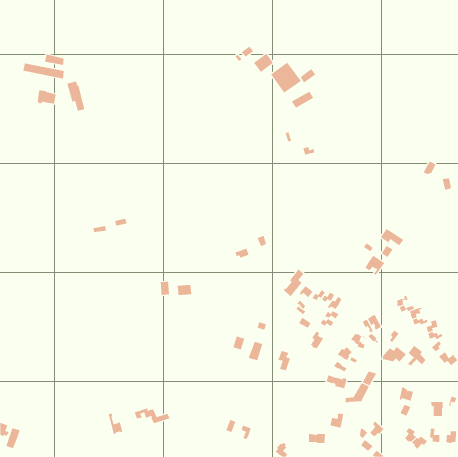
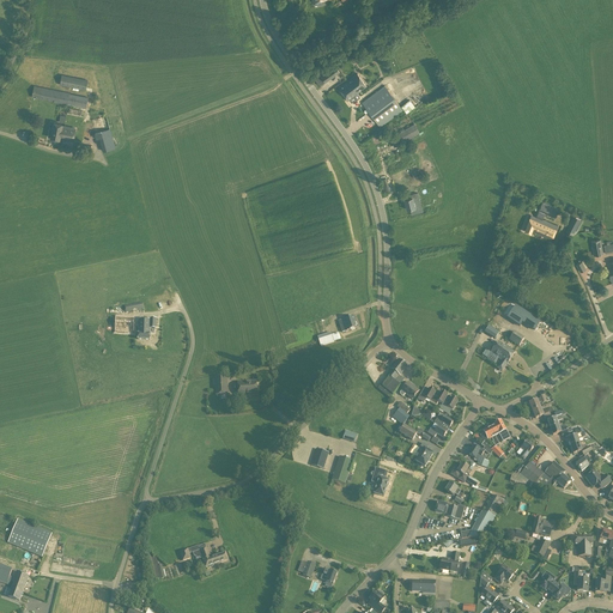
building: none -> [523,199,558,236]
building: none -> [114,316,154,338]
building: none -> [6,517,50,556]

